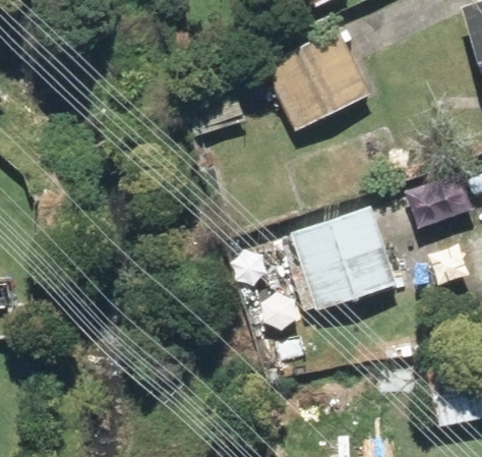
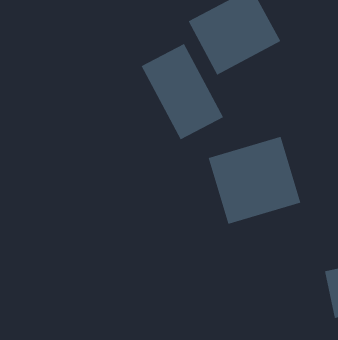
building: none -> [141,43,224,140]

